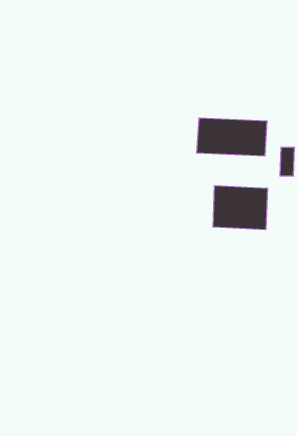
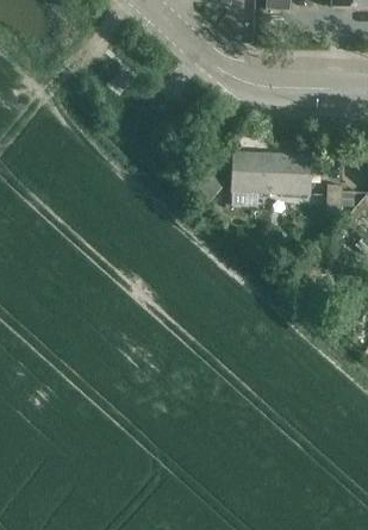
building: [213,186,267,230] -> none

